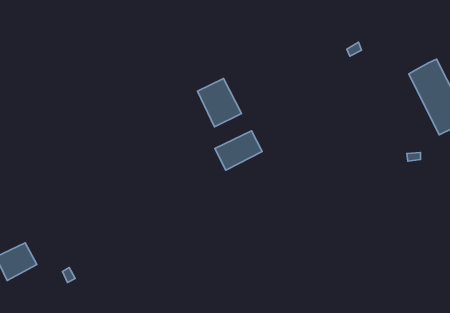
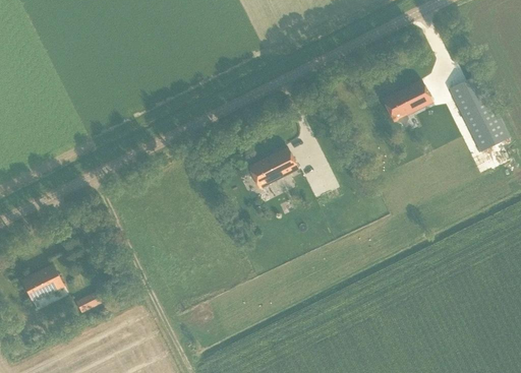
building: none -> [383,82,431,123]
building: [197,79,242,127] -> none

